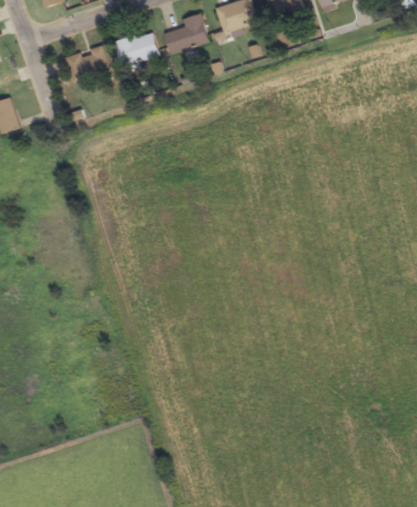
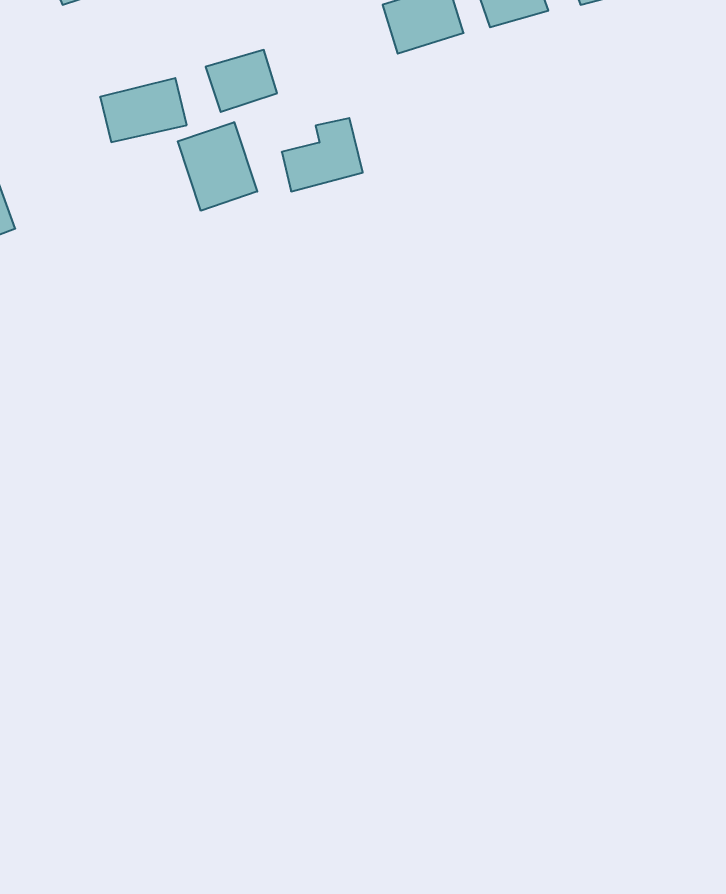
building: [165,13,208,52] -> [282,118,363,191]
building: none -> [178,122,257,211]

